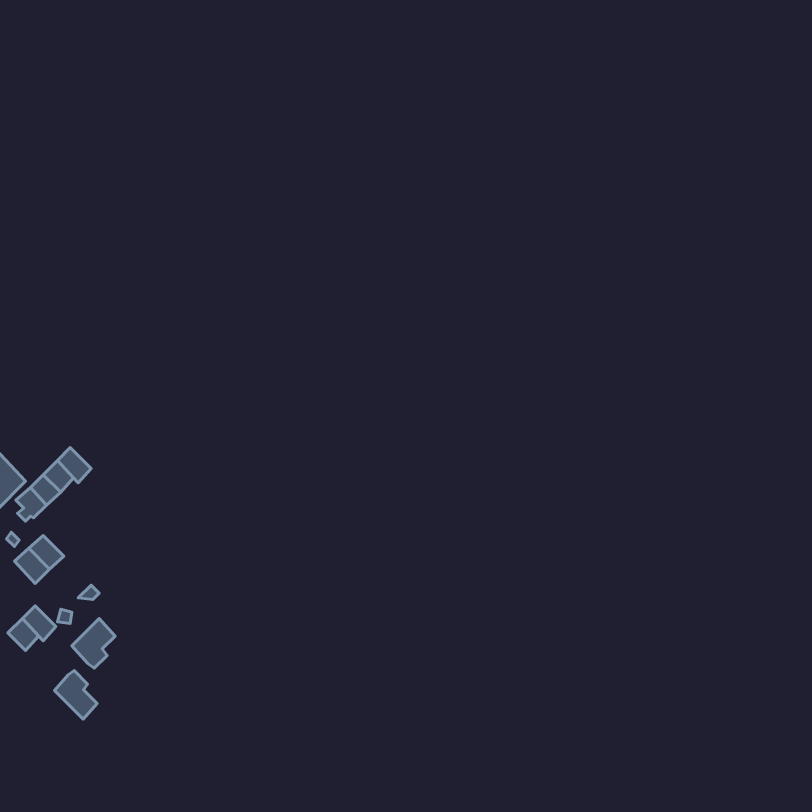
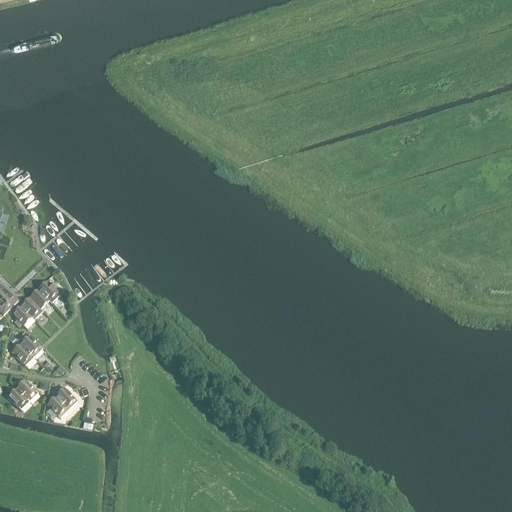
building: [54,671,97,719] -> none

